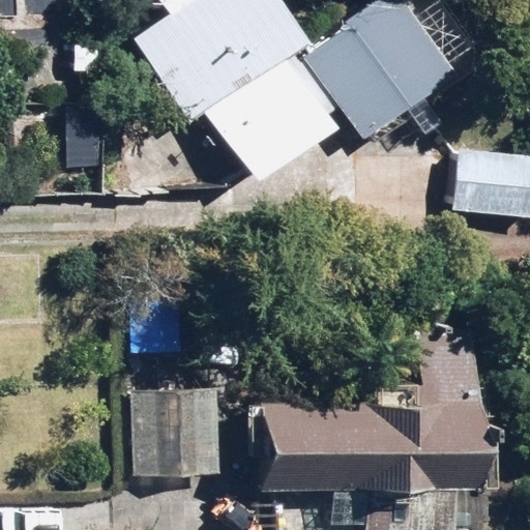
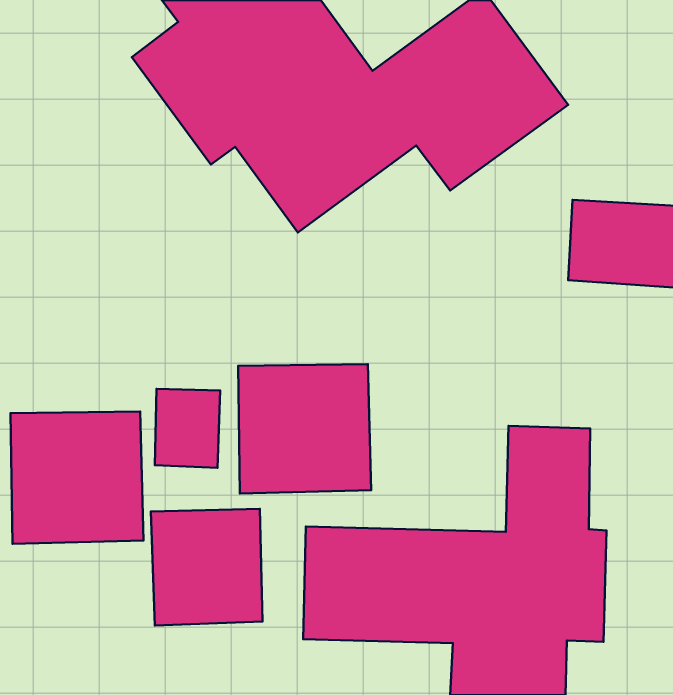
building: none -> [238,364,371,494]
building: none -> [11,412,144,544]

